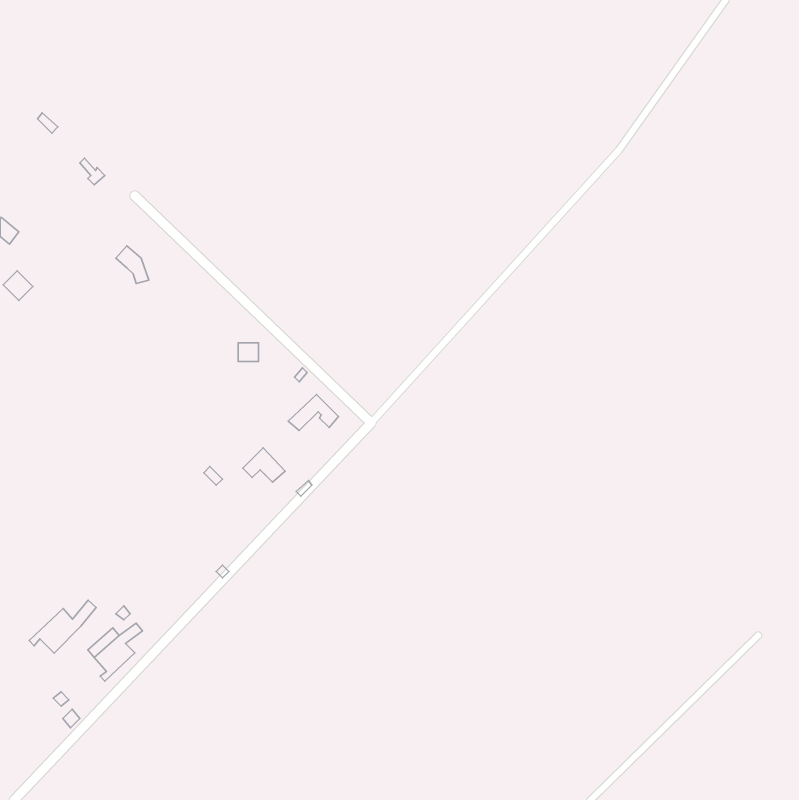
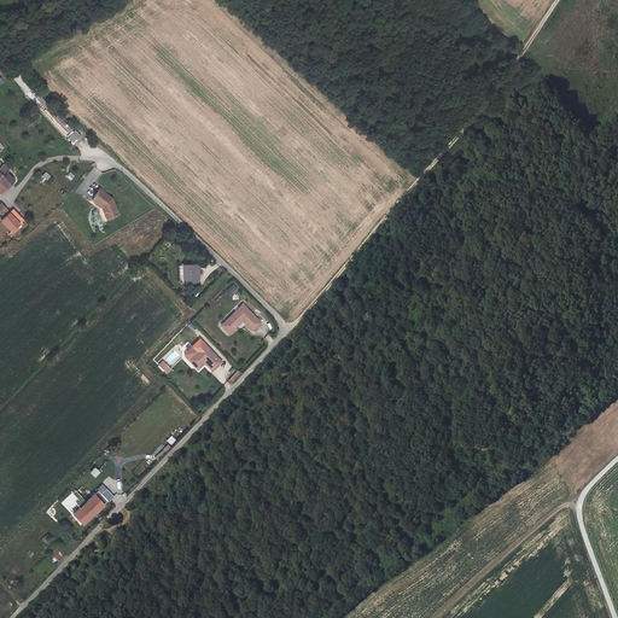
building: [29,600,96,653] -> none

